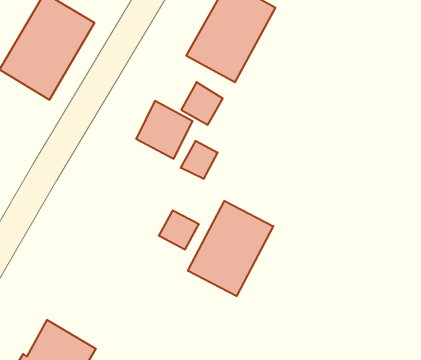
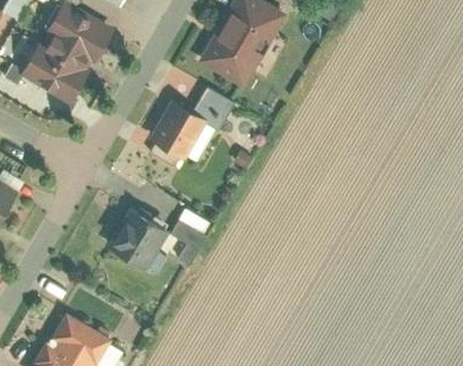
building: [181,141,218,179] -> none
building: [188,201,273,296] -> none
building: none -> [108,209,169,269]

